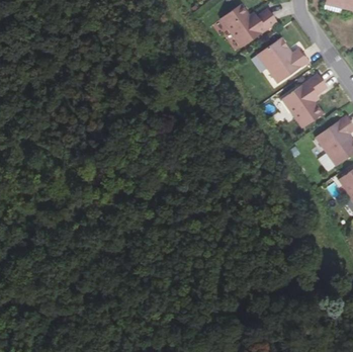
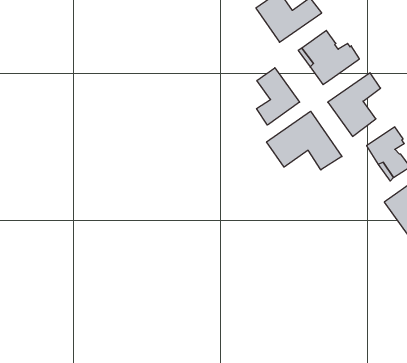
building: none -> [257,68,300,125]
building: none -> [267,111,342,170]

